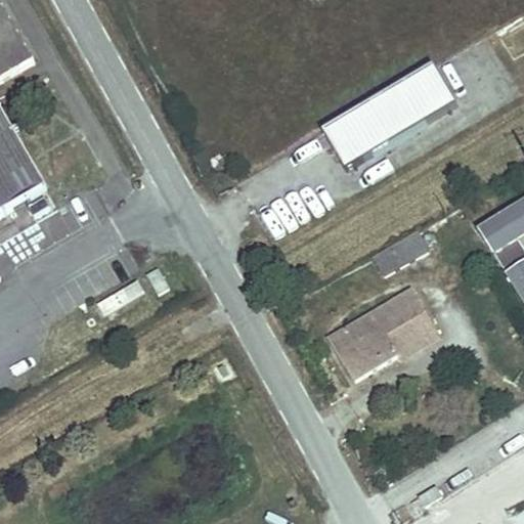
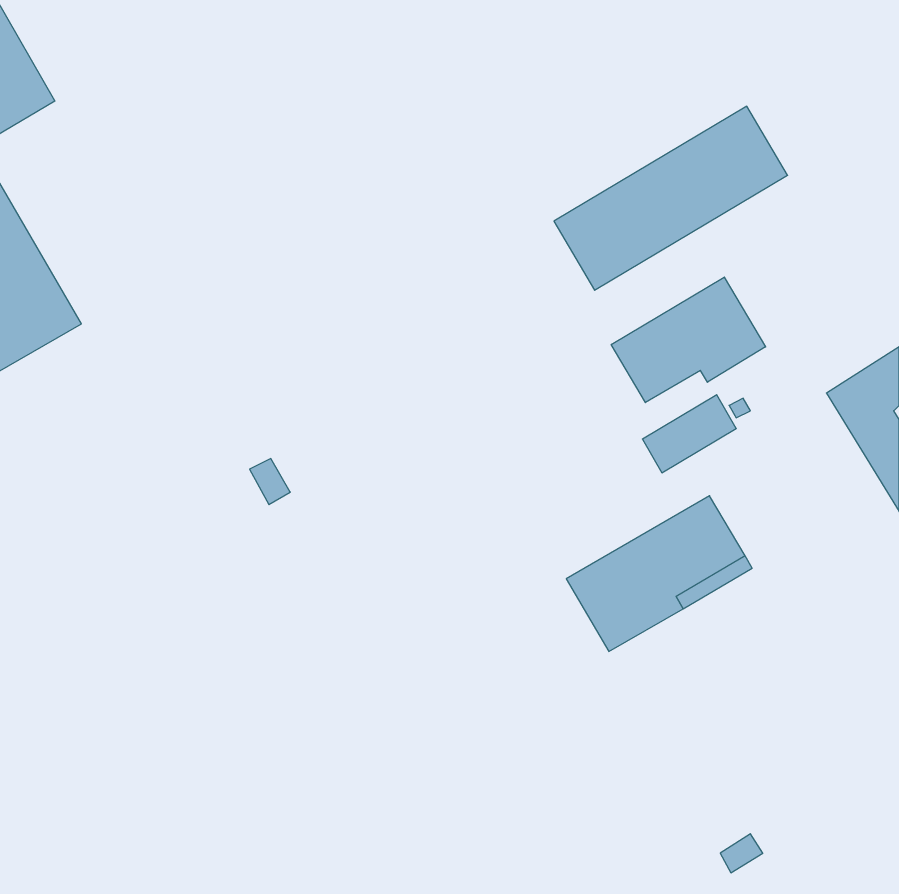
building: none -> [611,277,766,403]

